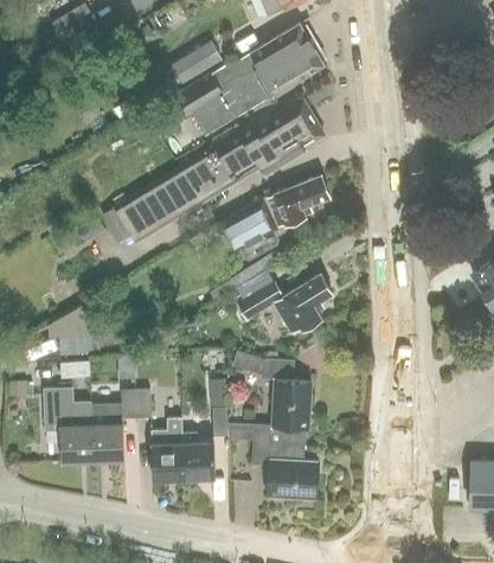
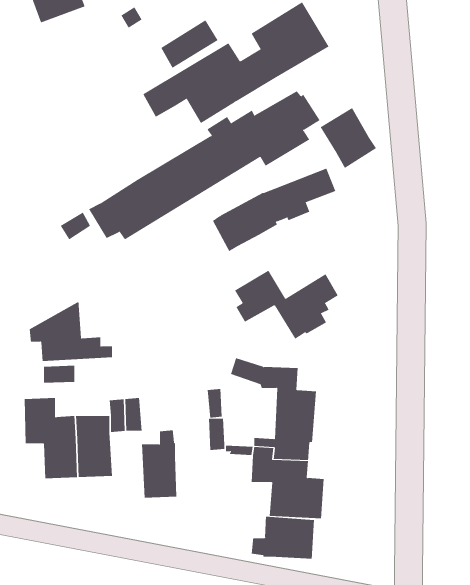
building: none -> [320,107,377,169]
building: [182,433,214,479] -> none
building: none -> [251,516,315,560]

